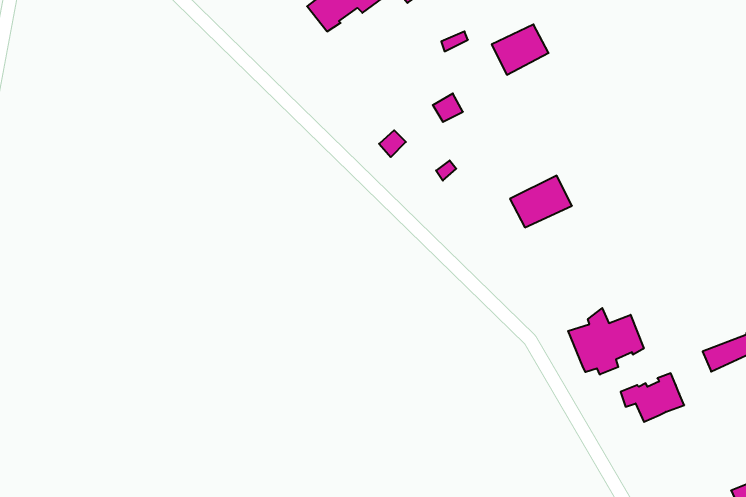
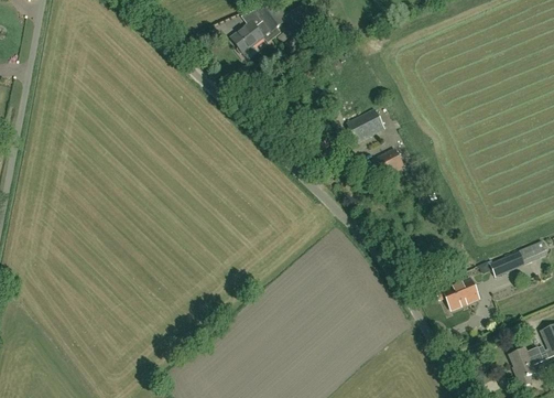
building: [492,24,549,75] -> [347,109,384,142]
building: [568,308,644,375] -> none

